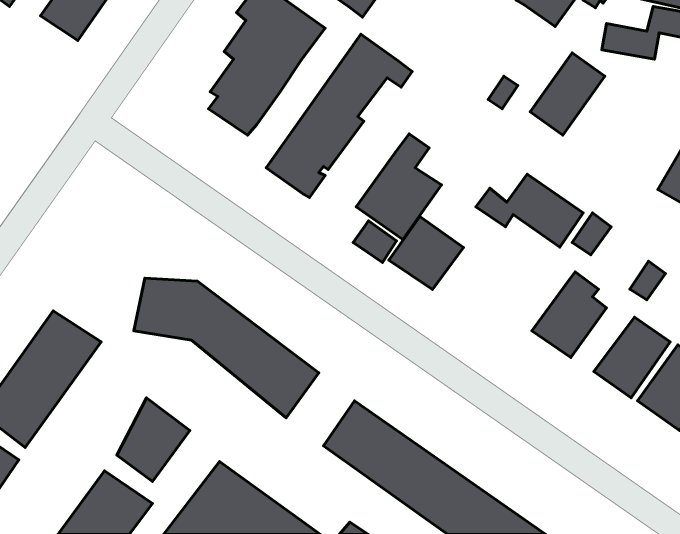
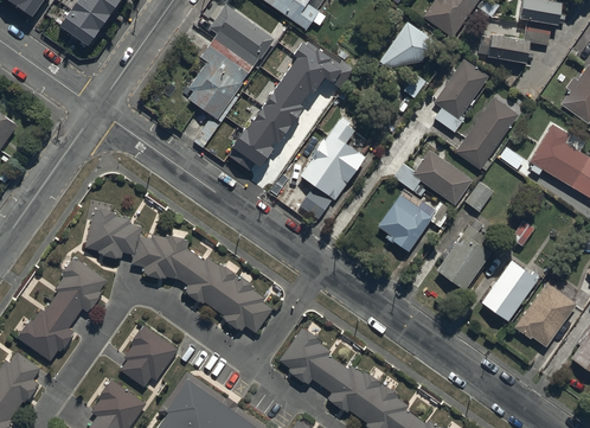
building: none -> [372,24,453,72]
building: none -> [455,97,521,171]
building: [389,217,463,290] -> [377,197,434,253]
building: none -> [83,204,140,257]

